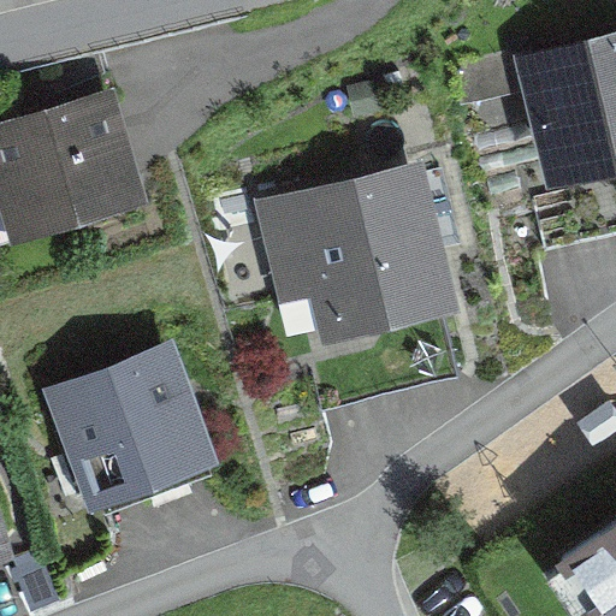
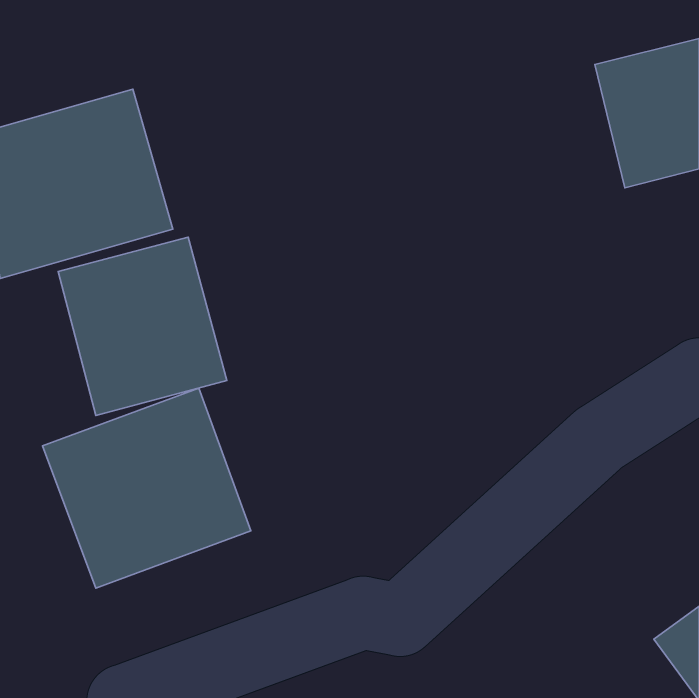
building: [245,160,463,349] -> none
building: none -> [58,237,227,416]

